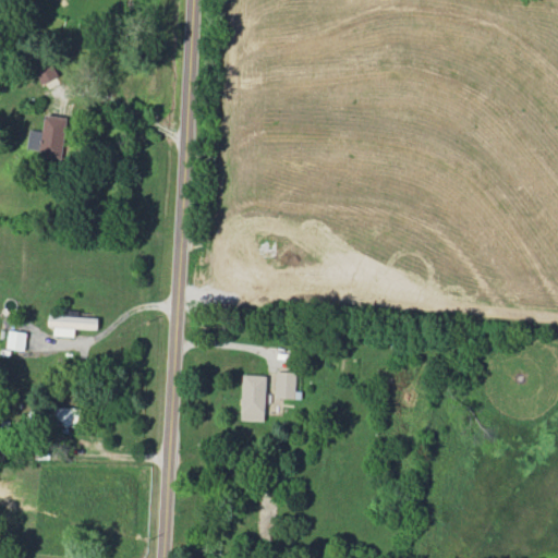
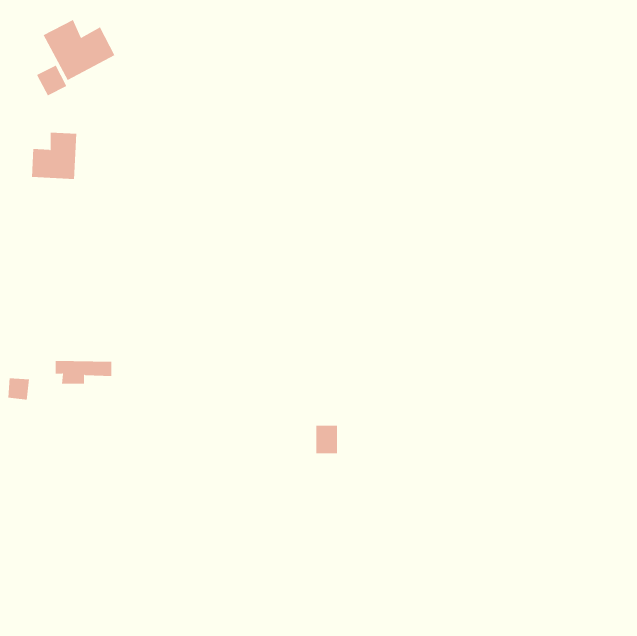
building: none -> [43,19,115,81]
building: [241,376,266,422] -> none
building: [53,408,80,427] -> none

